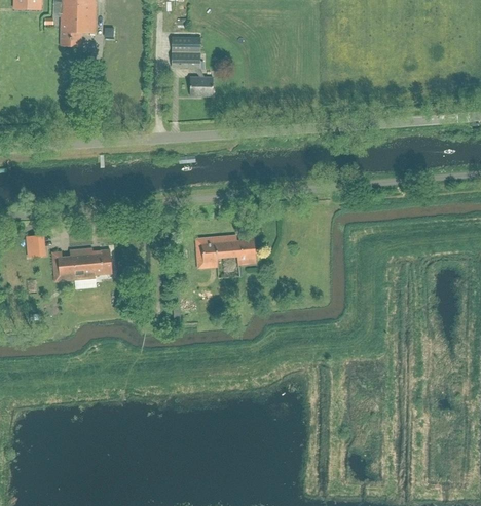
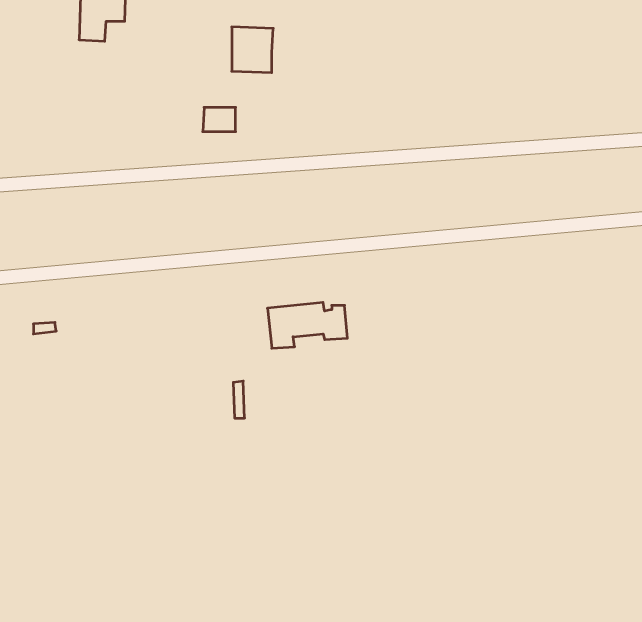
building: [189,79,213,96] -> [203,107,236,132]
building: [52,248,112,280] -> none

